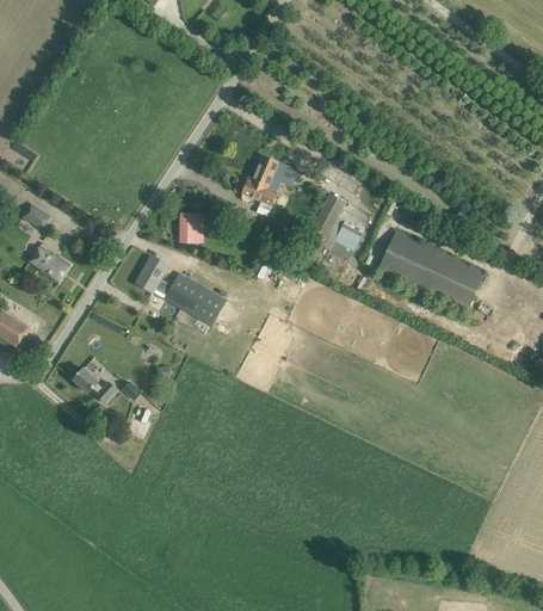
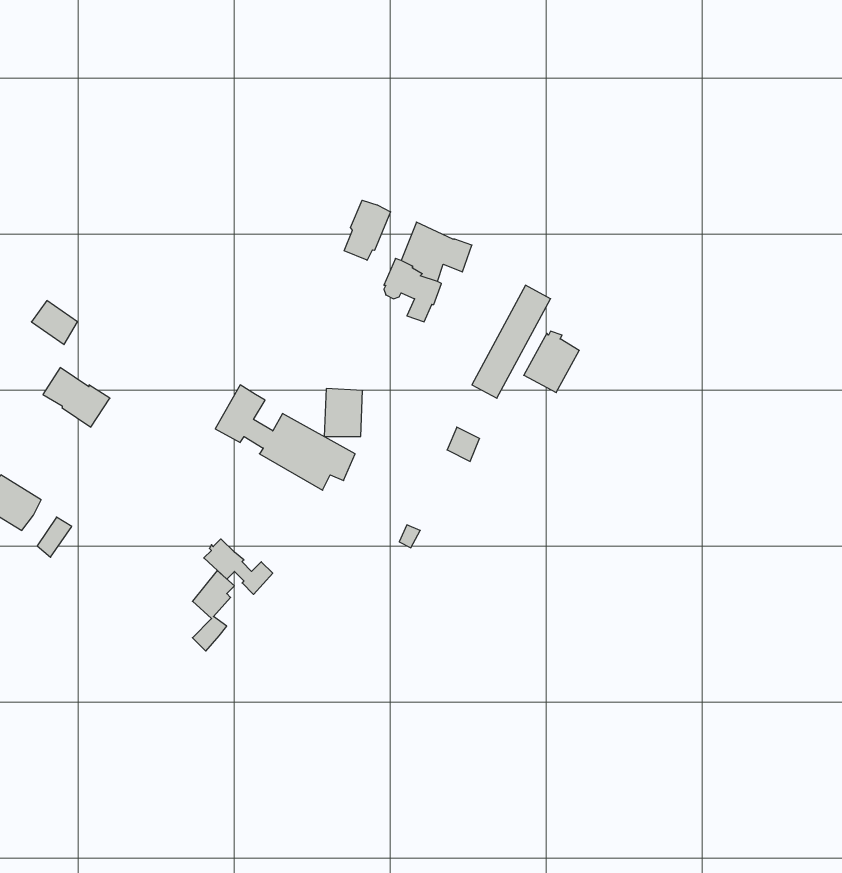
building: none -> [344,200,391,260]
building: [179,211,203,241] -> [324,389,363,436]
building: [377,229,483,309] -> none
building: [73,366,116,401] -> [204,539,273,594]

